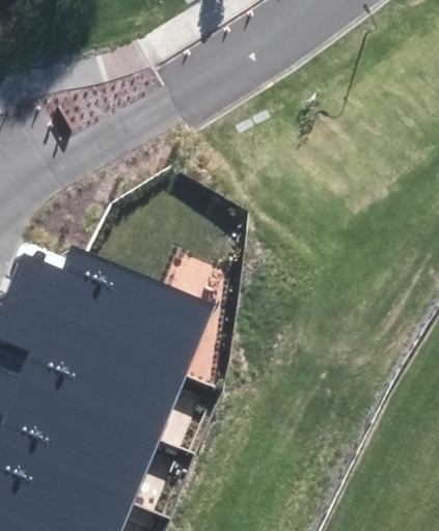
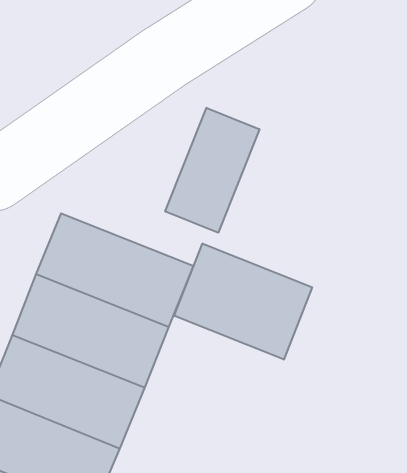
building: none -> [165,108,259,233]
building: none -> [174,244,312,360]

